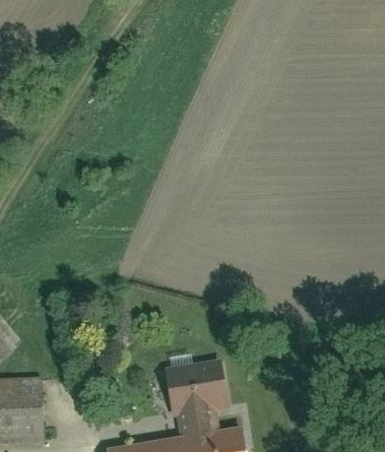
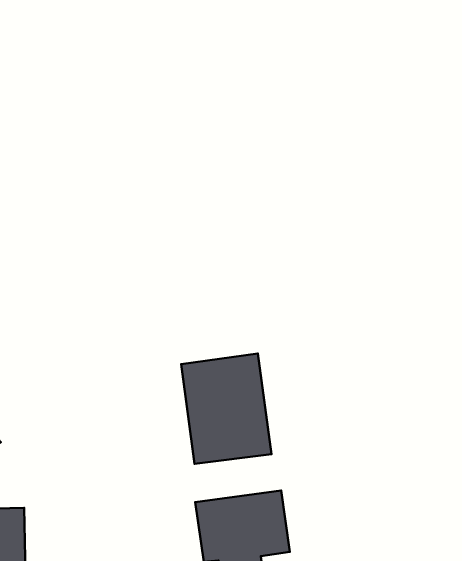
building: none -> [181,353,272,464]

